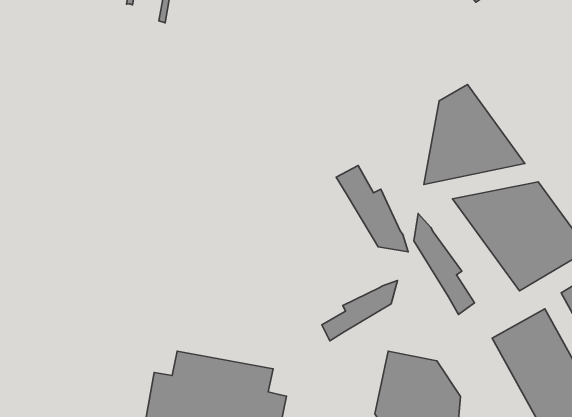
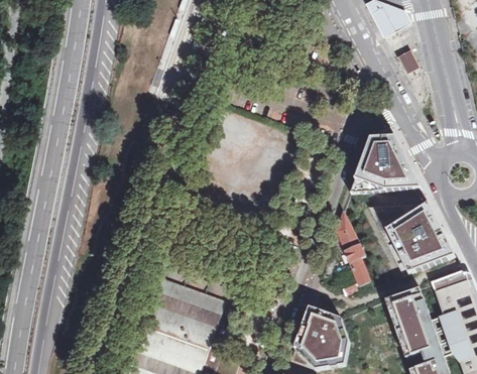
building: [336,166,408,252] -> none
building: [322,281,397,341] -> none

